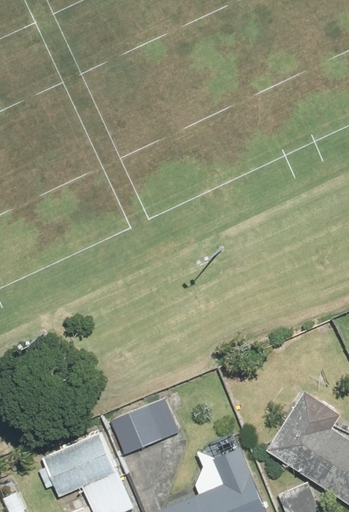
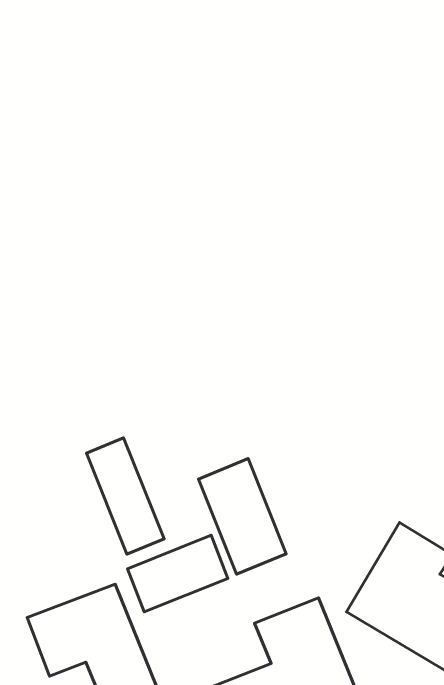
building: none -> [87,438,164,554]
building: none -> [198,459,286,574]

